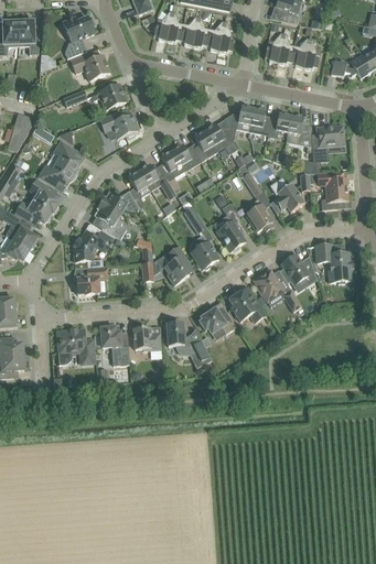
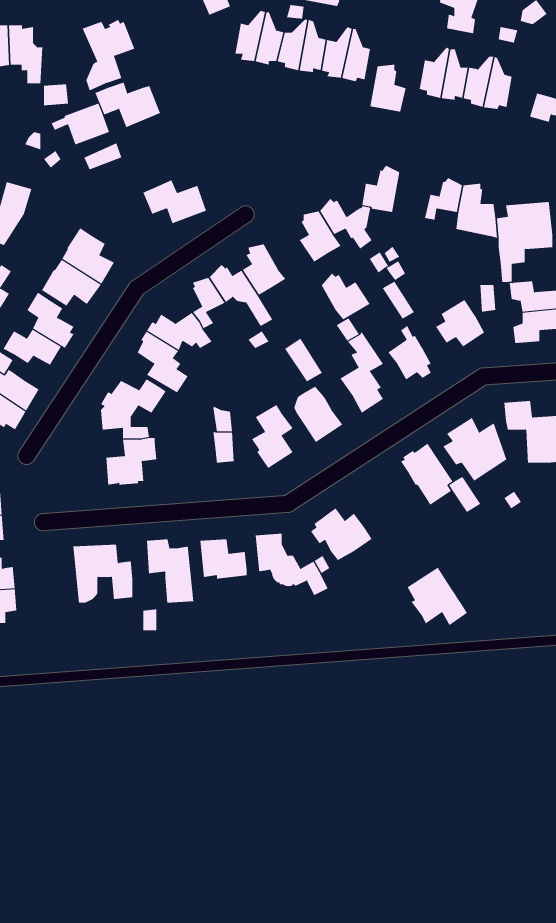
building: [90,84,126,109] -> [51,103,110,145]
building: [248,106,270,134] -> [370,64,406,112]
building: [171,142,201,171] -> [321,272,371,320]
building: [228,286,265,322] -> [407,567,468,626]

